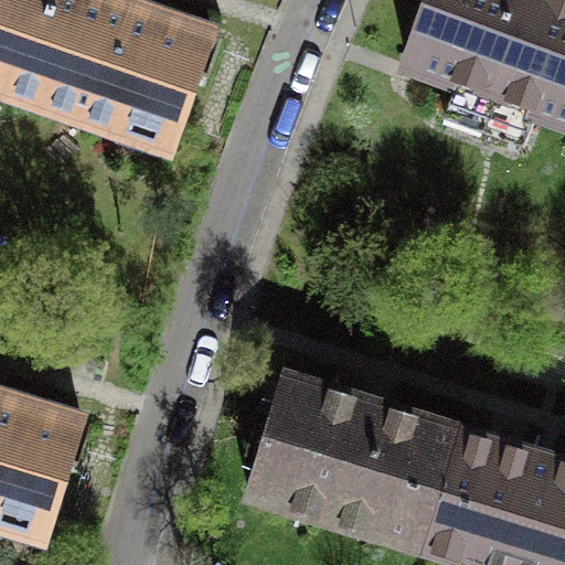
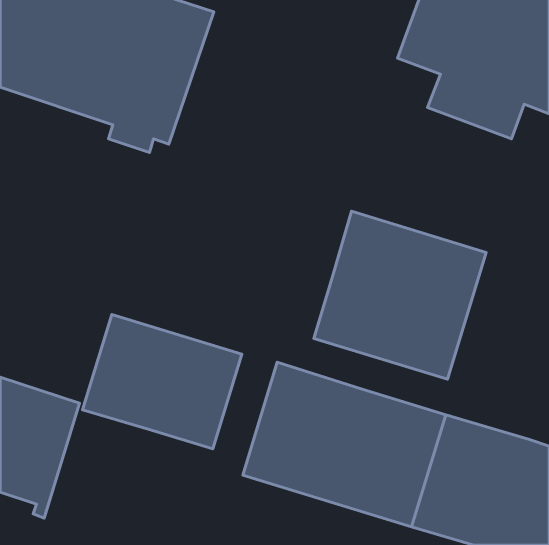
building: none -> [314,211,486,379]
building: none -> [83,314,242,449]

